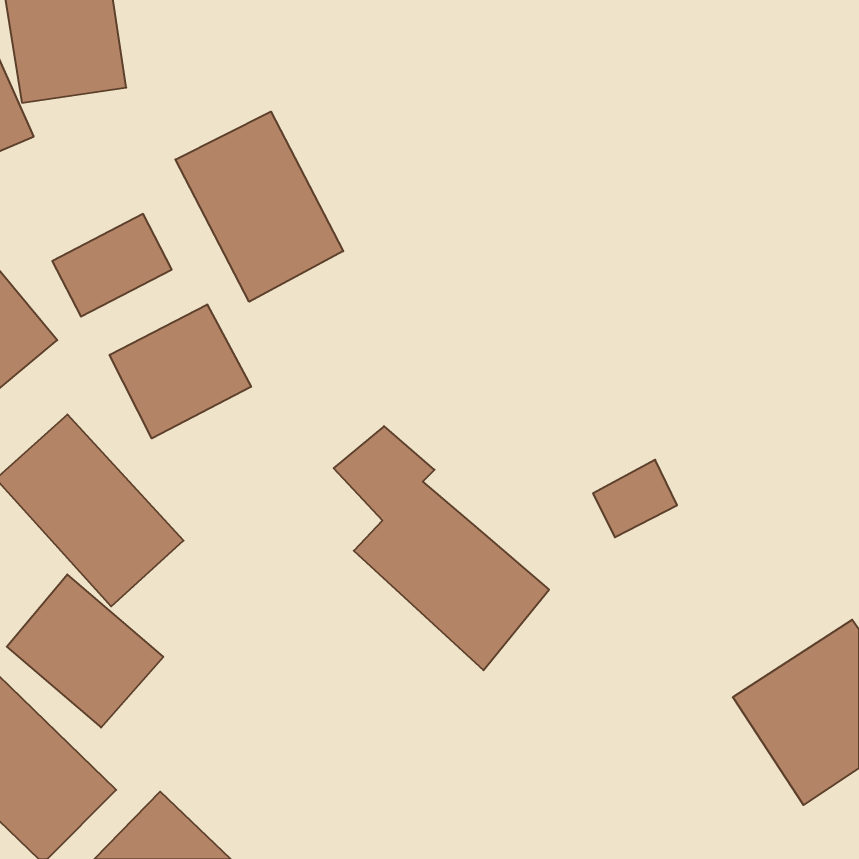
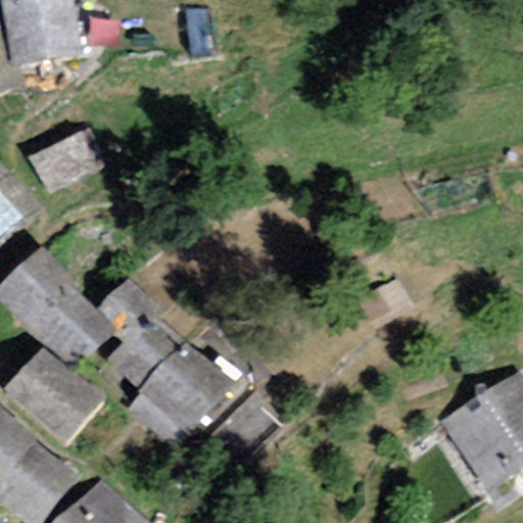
building: [175,112,343,302] -> none
building: [110,304,251,438] -> none
building: [334,426,549,670] -> [97,284,228,432]

